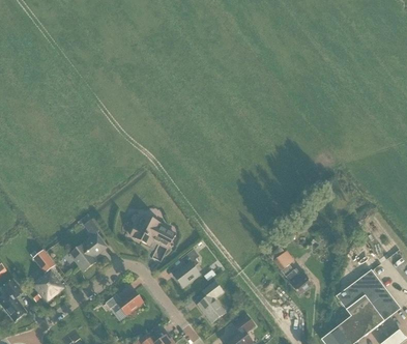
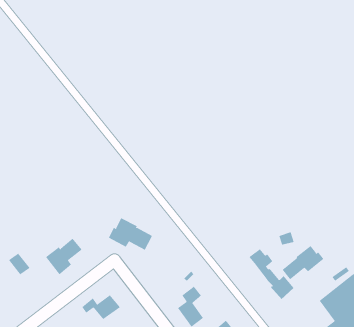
building: none -> [282,245,324,280]
building: [173,250,200,287] -> none
building: [34,271,63,299] -> none

